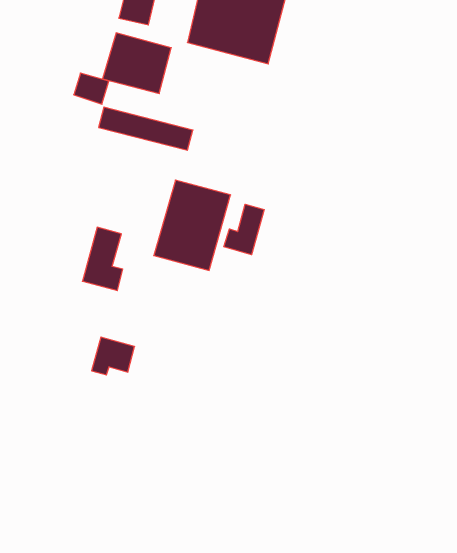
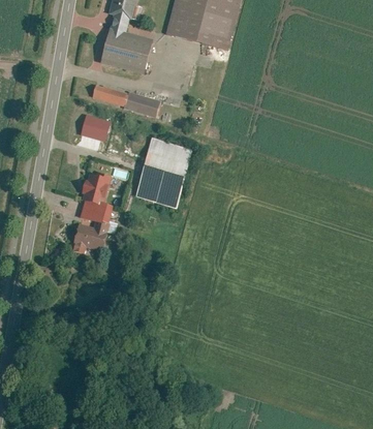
building: [74,73,109,104] -> [86,116,113,140]
building: [224,204,264,255] -> none
building: [92,337,135,375] -> [73,224,106,253]

